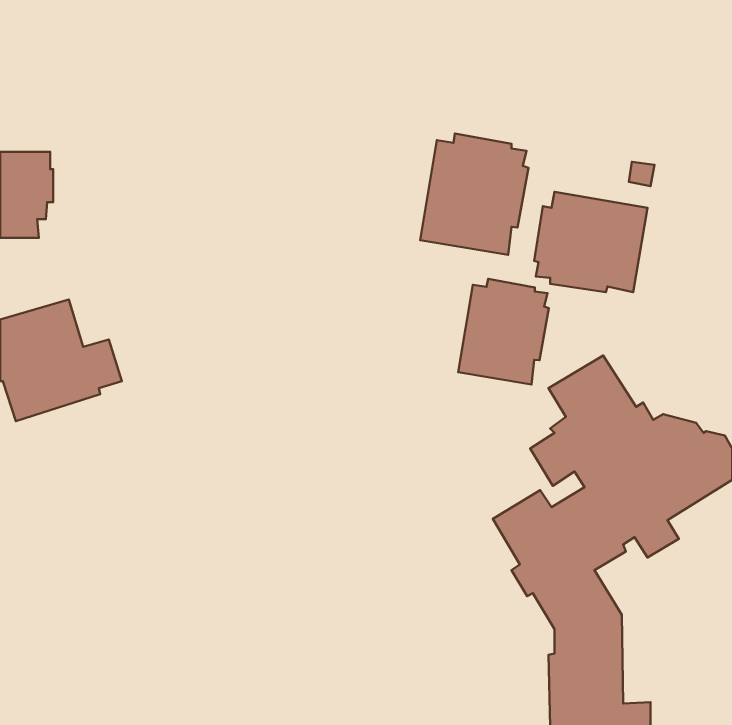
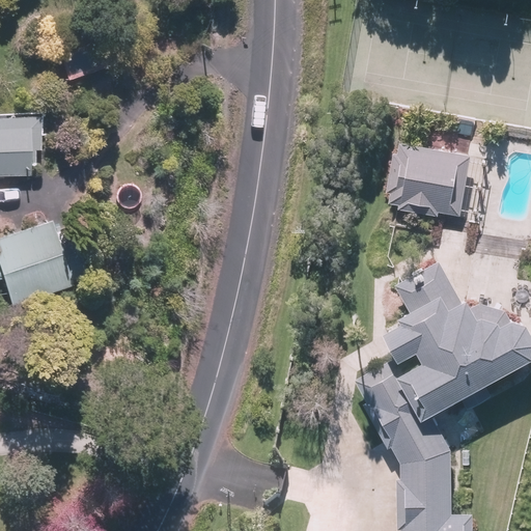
building: [420,134,528,255] -> none
building: [458,279,549,384] -> none

